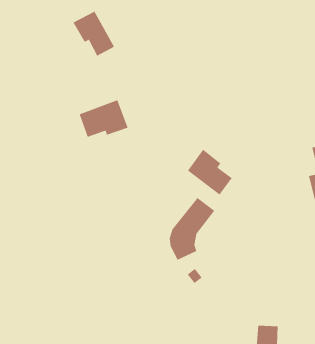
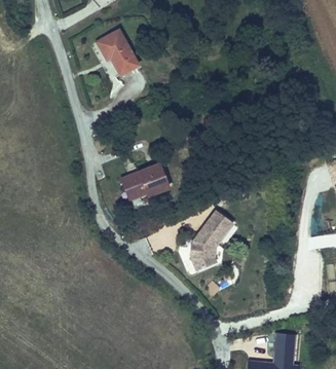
building: [79,99,128,138] -> [122,163,171,200]
building: [187,149,233,196] -> none

